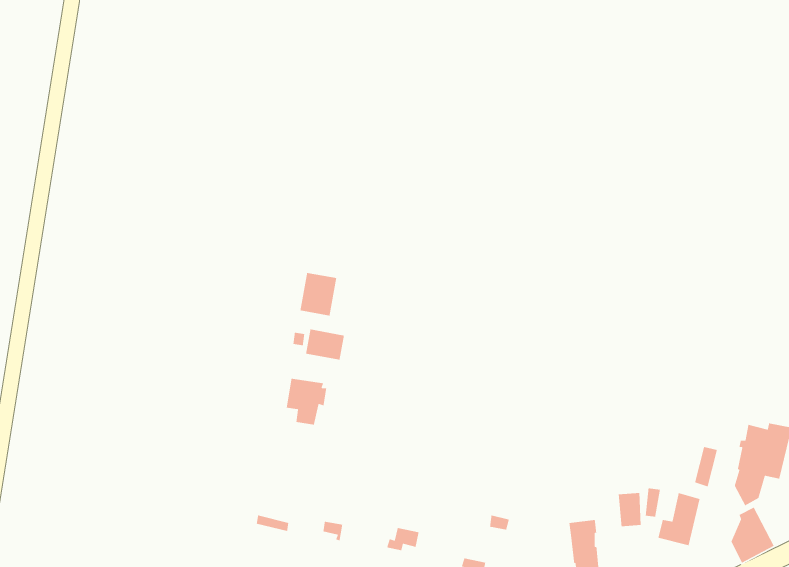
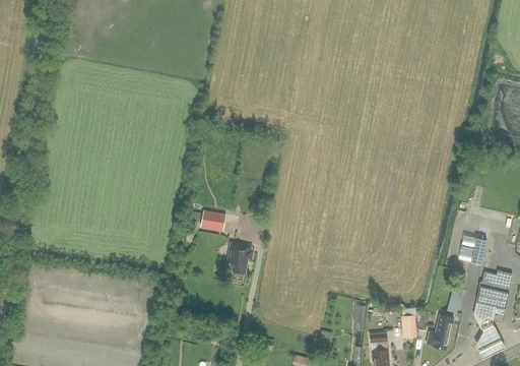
building: [300,272,337,316] -> none
building: none -> [458,236,485,264]
building: [286,378,327,426] -> [224,243,251,273]

